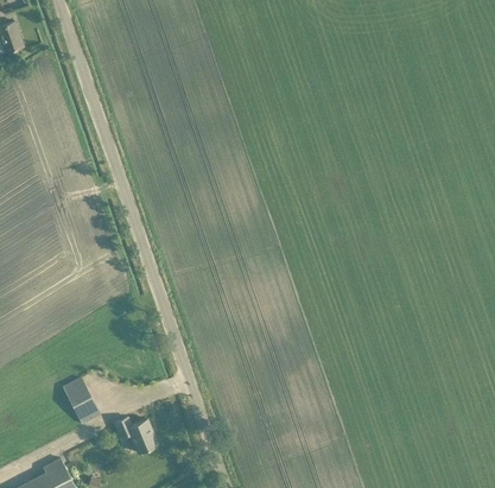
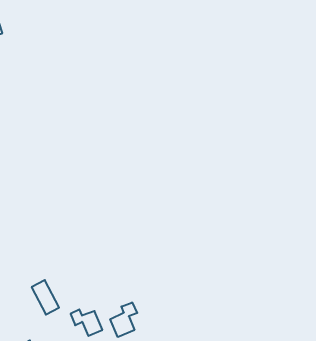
building: none -> [110,302,137,337]

